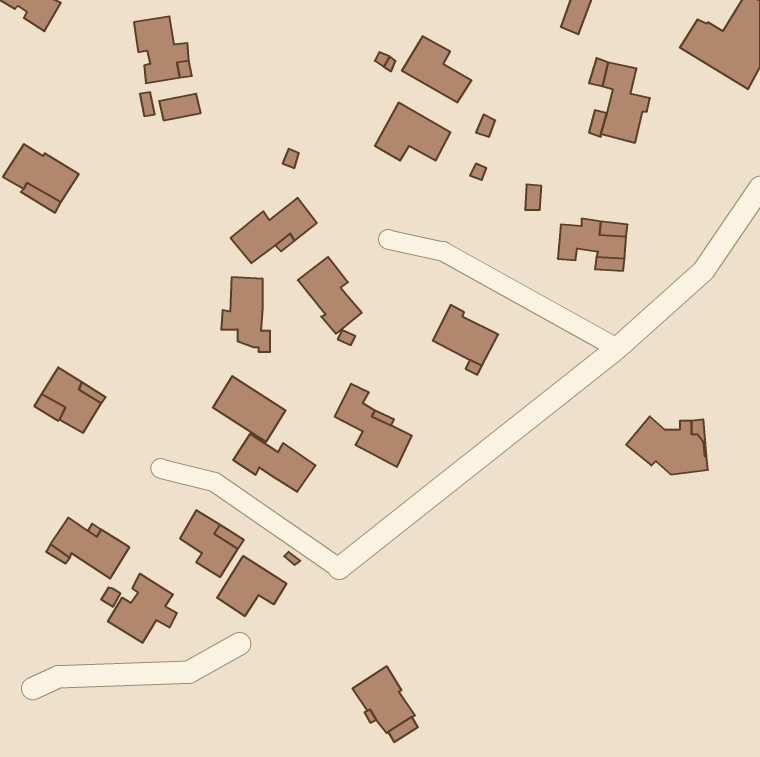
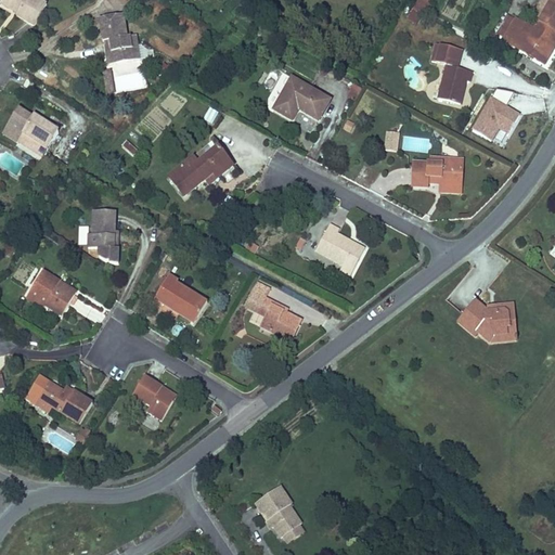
building: [402,36,471,103] -> none
building: none -> [473,85,521,146]
building: [298,257,362,334] -> none
building: [221,277,270,352] -> [85,208,120,262]
building: [233,434,316,492] -> none
building: [217,556,286,616] -> none
building: [108,574,177,643] -> none

